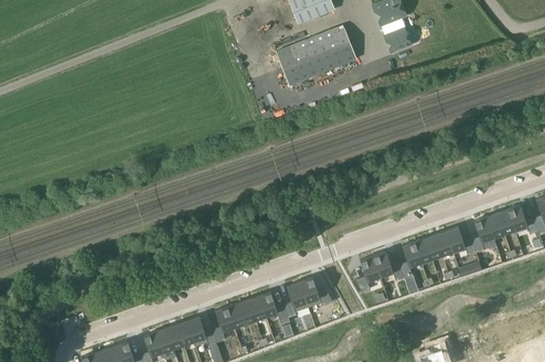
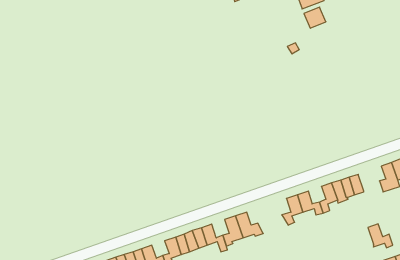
building: [279,29,353,78] -> none
building: [447,225,477,254] -> [368,224,393,248]

